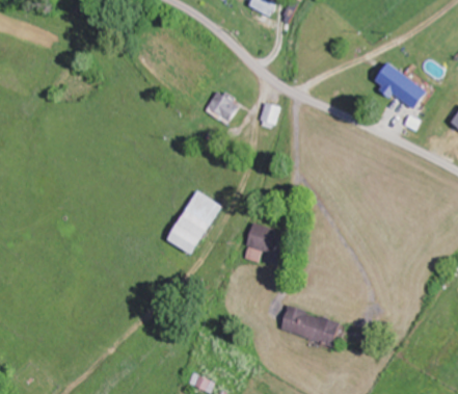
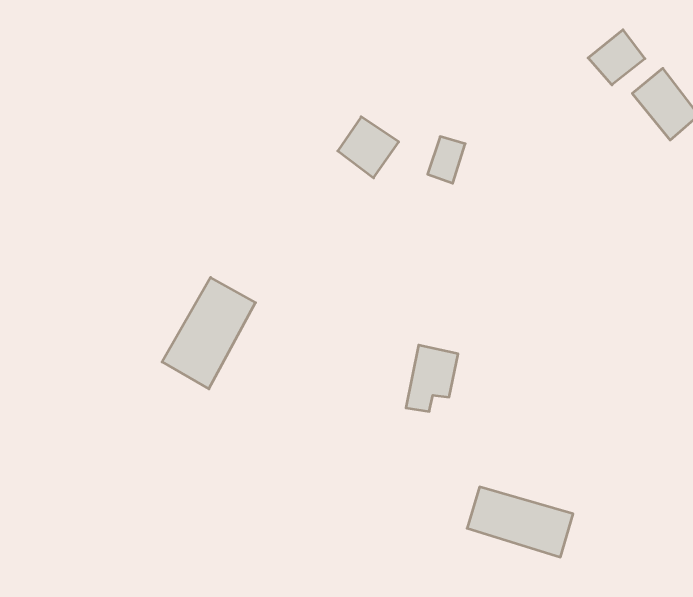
building: none -> [588,30,645,85]
building: [169,191,223,256] -> [162,277,256,389]

